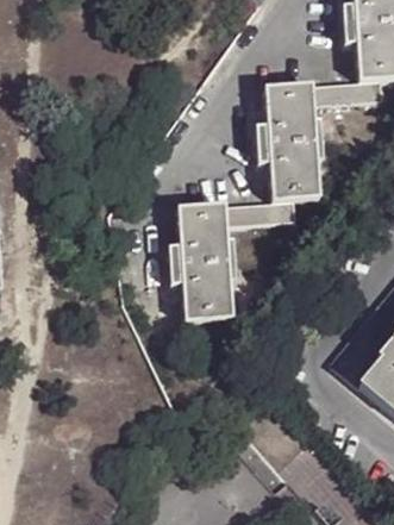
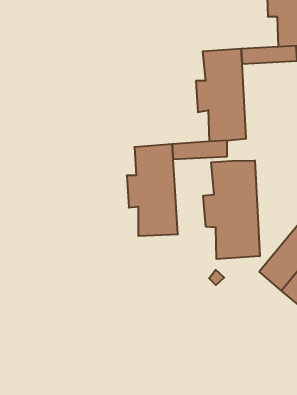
building: none -> [203,160,260,259]

